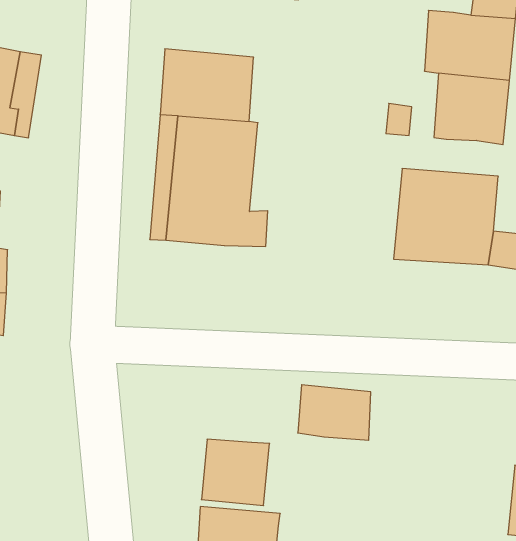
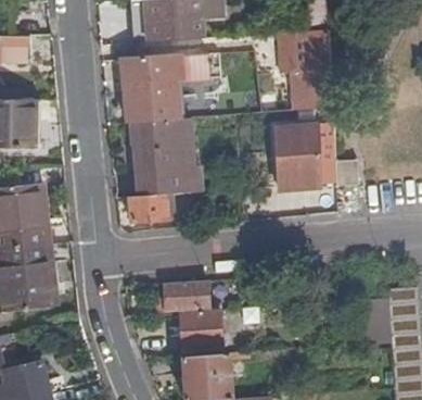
building: none -> [119,50,215,80]
building: none -> [127,193,178,224]
building: [298,385,371,440] -> [165,280,210,312]

